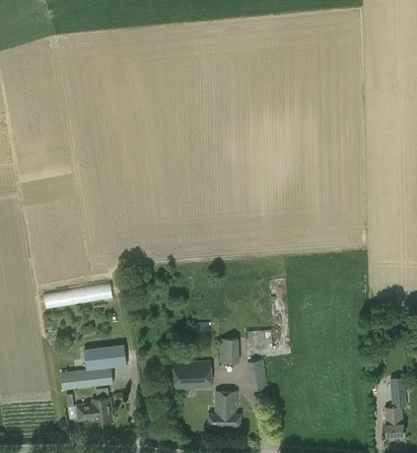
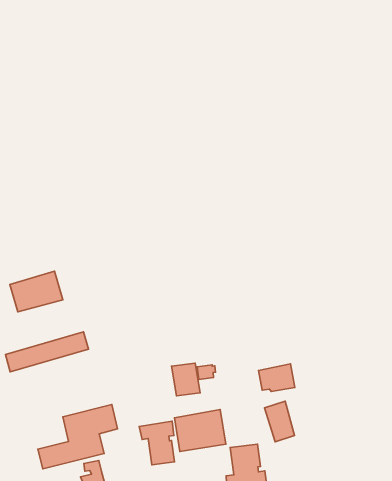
building: none -> [10,271,63,312]
building: [219,338,239,363] -> [172,363,200,396]
building: none -> [139,421,174,465]

